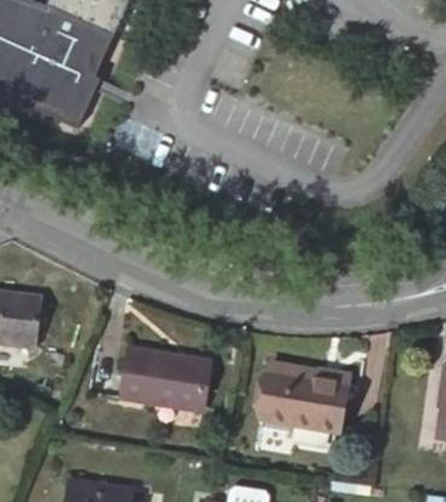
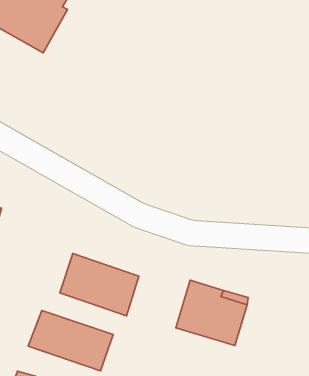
building: none -> [28,311,113,371]

